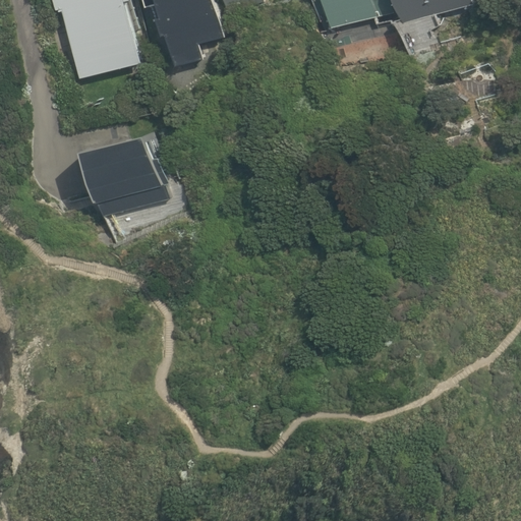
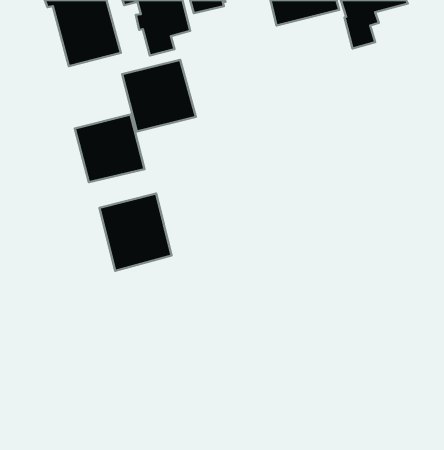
building: none -> [122,60,196,132]
building: none -> [99,193,171,271]

